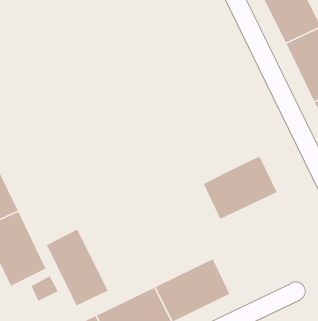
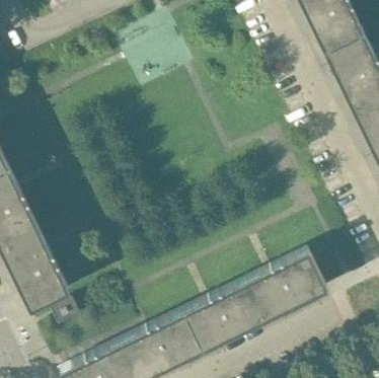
building: [203,156,278,220] -> [247,251,327,320]
building: [46,228,109,306] -> none

